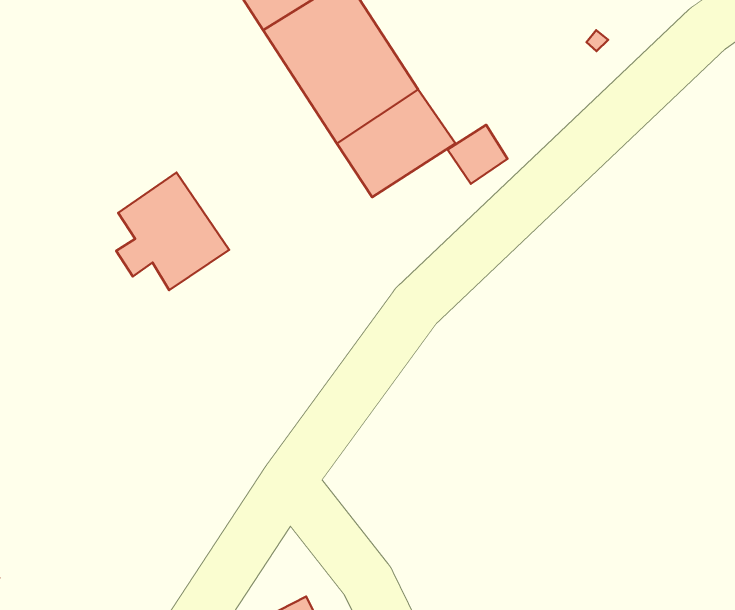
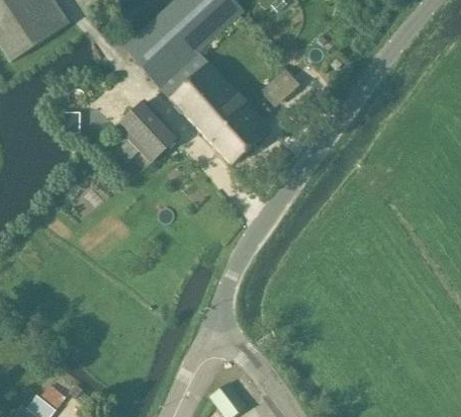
building: [448,125,507,184] -> [266,69,298,101]
building: [116,173,229,290] -> [116,100,178,163]

